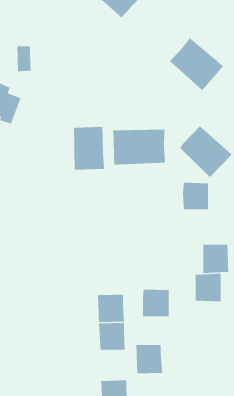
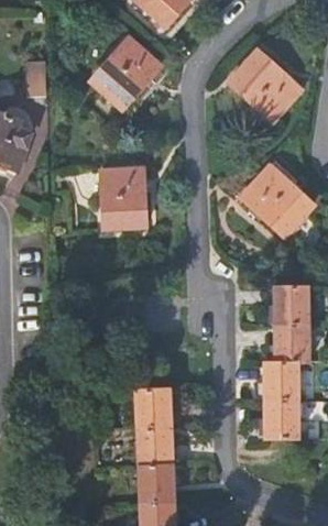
building: none -> [91,39,161,109]
building: [113,129,166,166] -> none
building: [182,182,209,210] -> [273,286,308,324]
building: [142,289,170,317] -> [263,399,299,437]
building: [136,344,163,374] -> [139,464,175,504]

